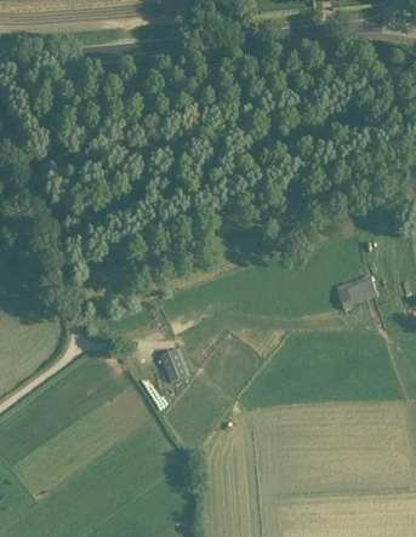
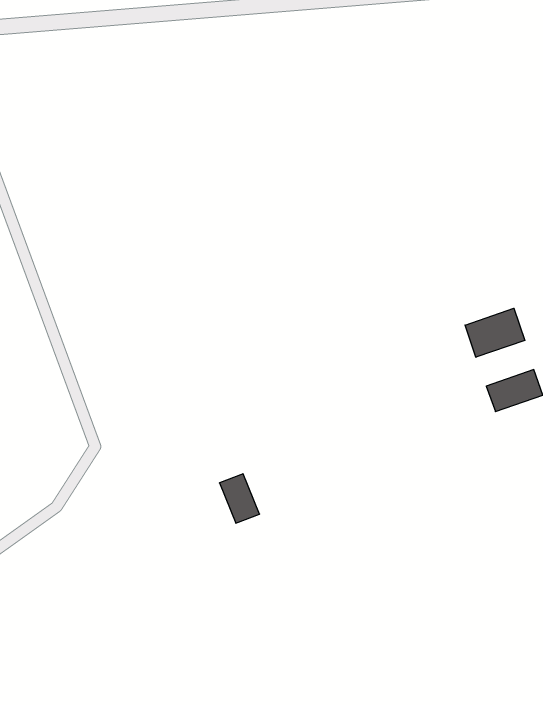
building: none -> [465,308,525,357]

